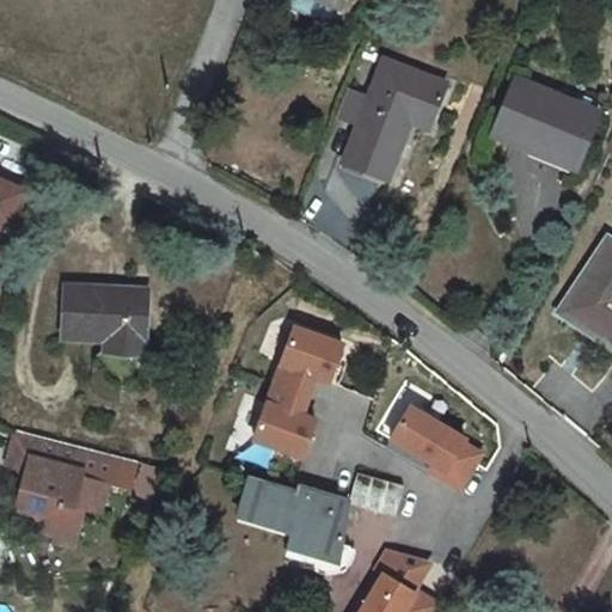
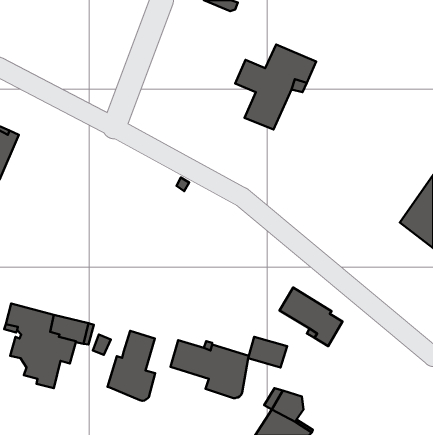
building: [492,85,594,165] -> none
building: [65,284,148,350] -> none
building: [255,328,343,457] -> none
building: none -> [107,331,155,401]

